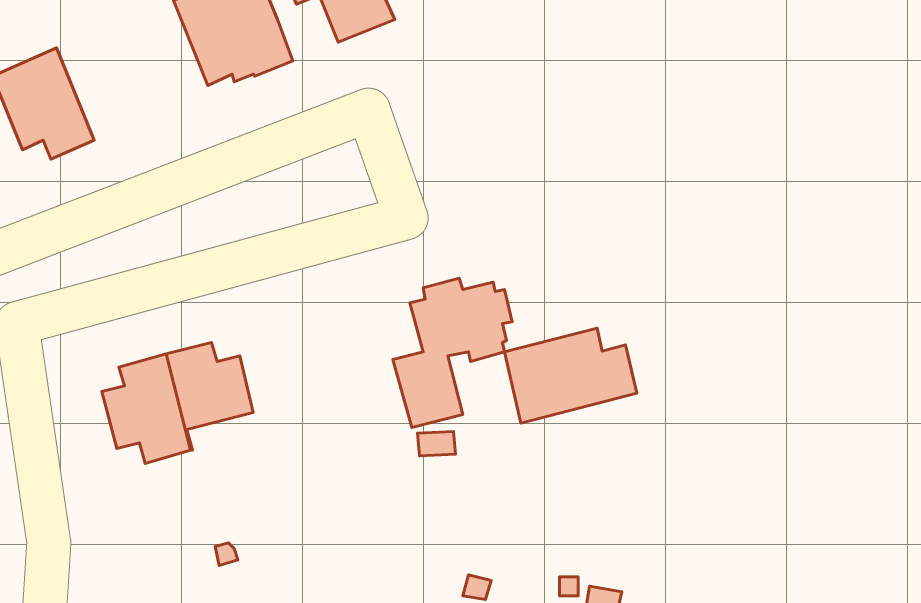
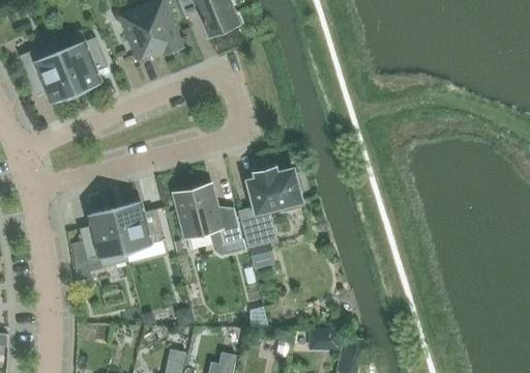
building: none -> [55,37,108,91]
building: none -> [176,183,242,243]
building: [505,328,637,423] -> none

